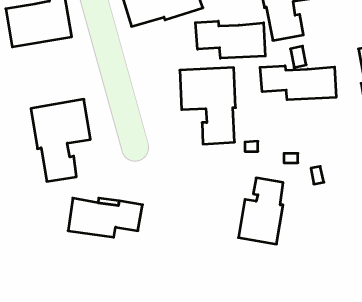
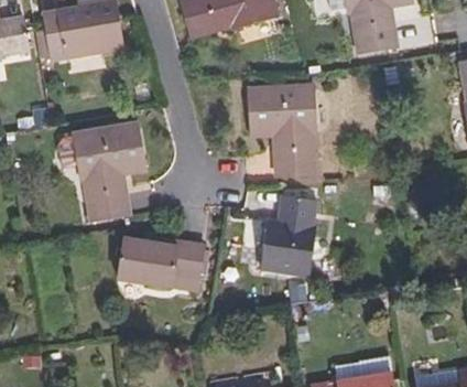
building: [195,21,265,58] -> none
building: [260,66,336,100] -> none
building: [238,178,283,244] -> [261,196,314,275]

